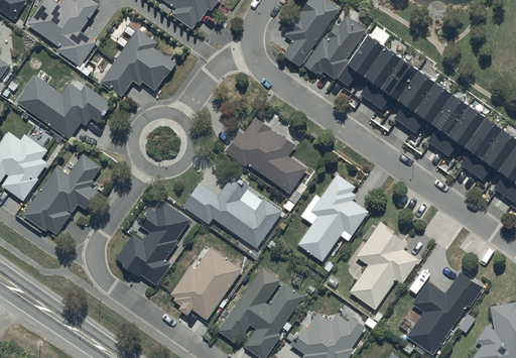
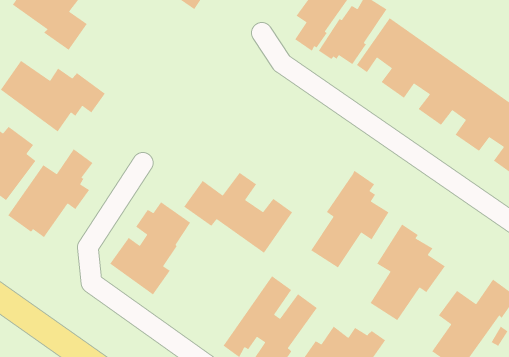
building: [101,28,176,97] -> none
building: [225,117,308,211] -> none
building: [170,247,242,320] -> none

